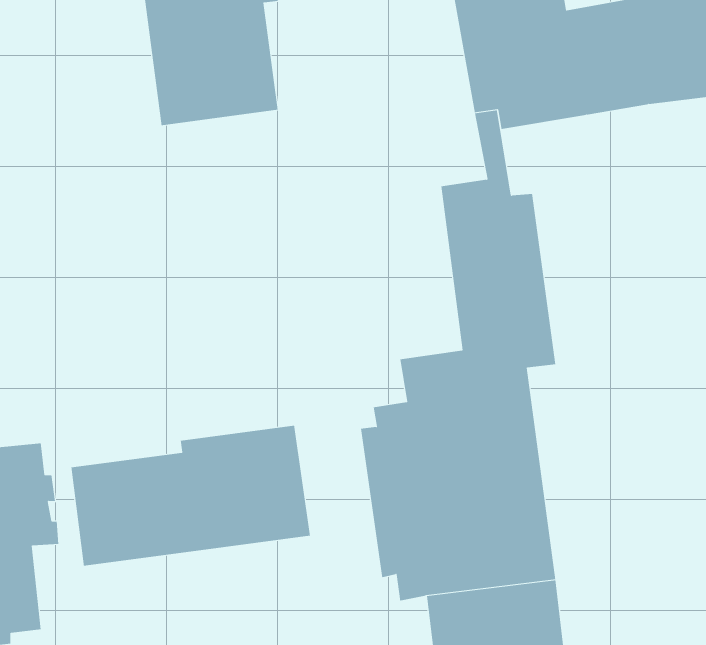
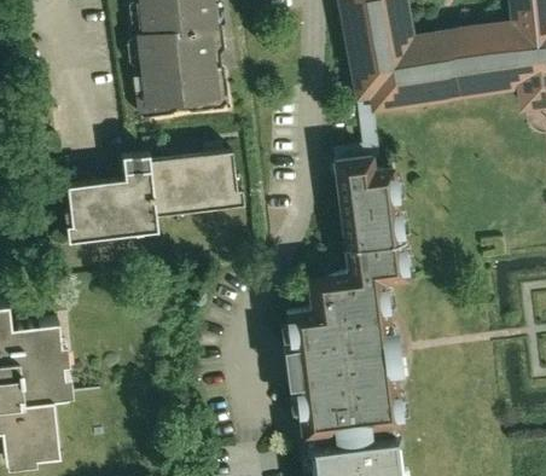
building: none -> [63,150,244,248]
building: [71,425,310,567] -> none

